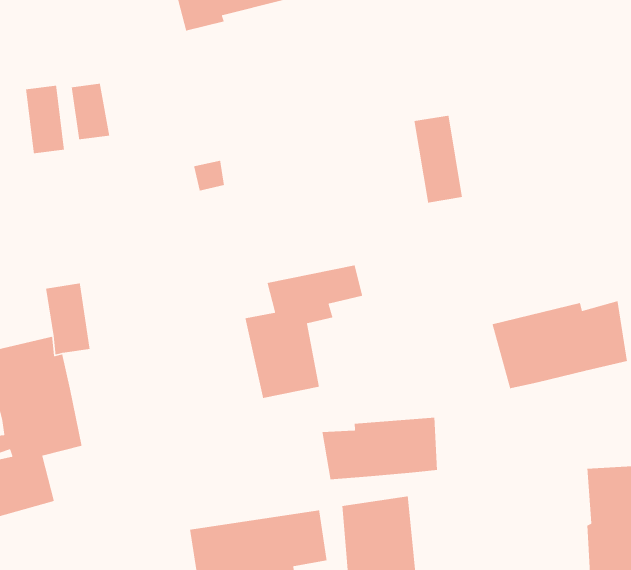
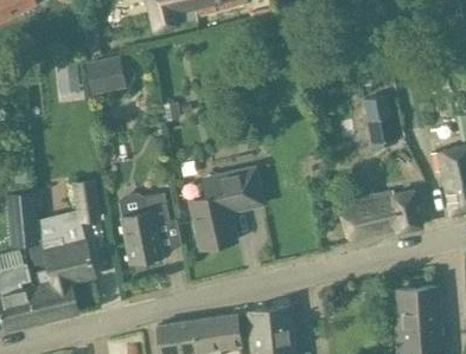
building: [414,115,463,204] -> [366,91,396,144]
building: none -> [120,193,170,263]
building: [322,417,438,480] -> none

